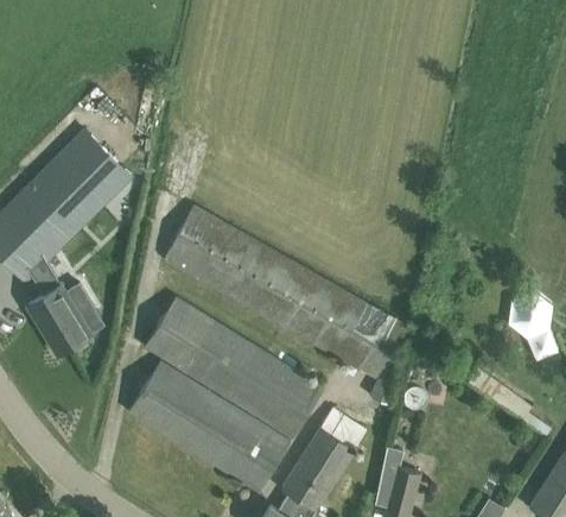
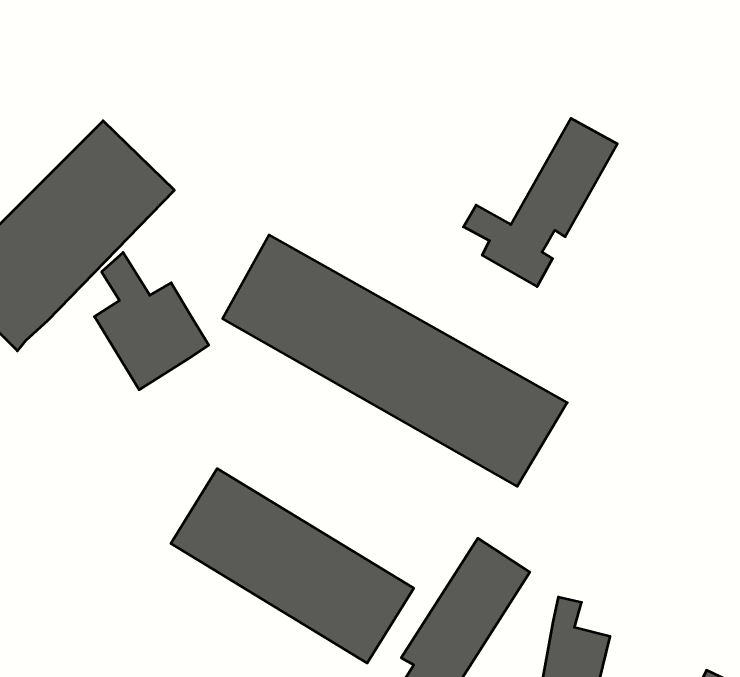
building: none -> [463,118,617,287]
building: [27,263,103,354] -> [94,252,209,390]
building: [144,297,323,437] -> none

